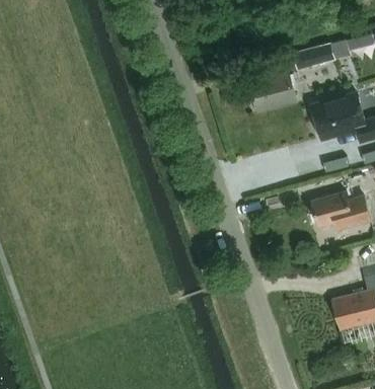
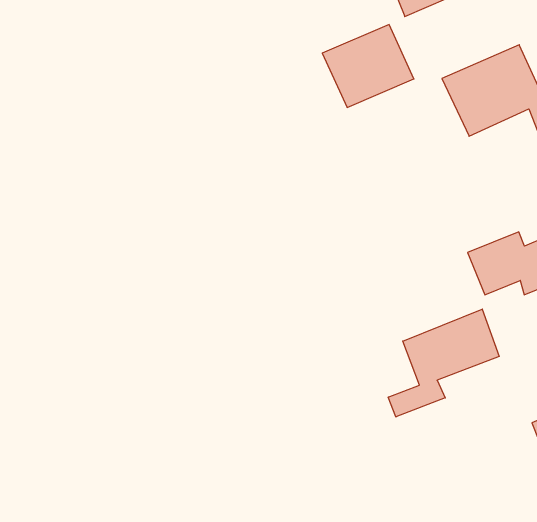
building: none -> [388,309,499,417]

